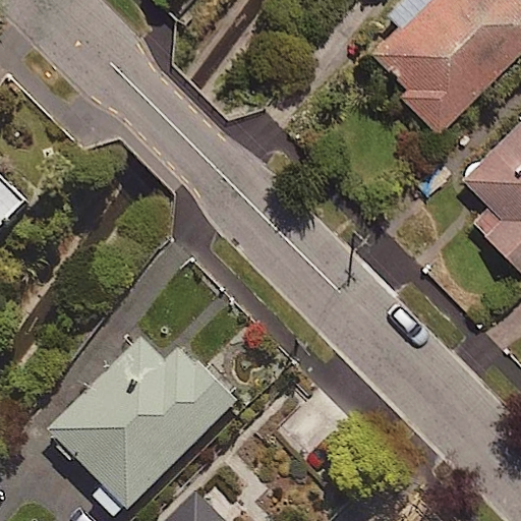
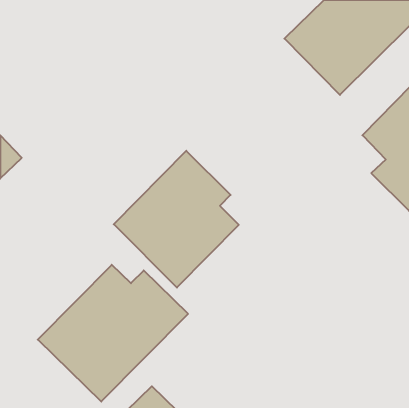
building: none -> [114,151,239,288]

